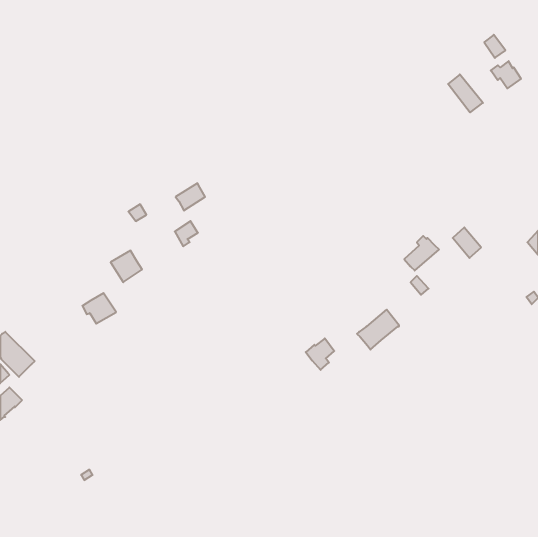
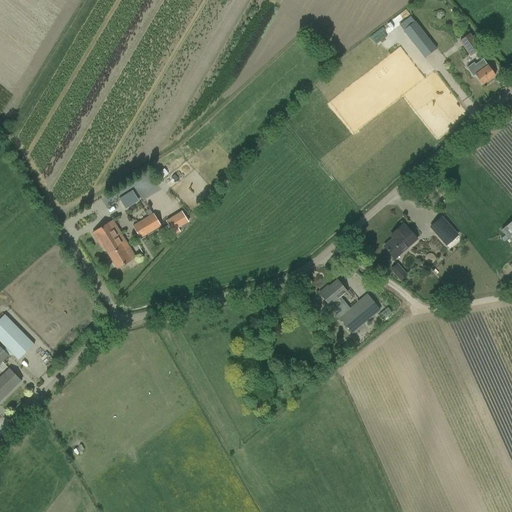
building: [448,74,483,112] -> [403,21,436,57]
building: [176,183,205,211] -> [132,212,160,238]
building: [82,293,116,324] -> [92,220,124,249]
building: [306,338,334,370] -> [319,279,346,309]

